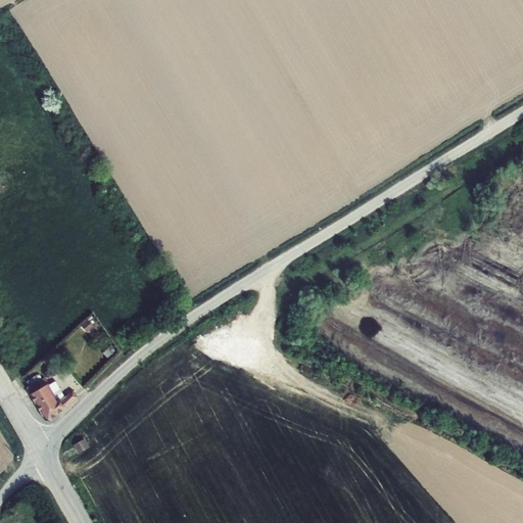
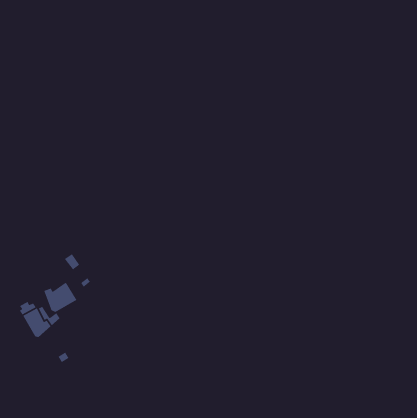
building: none -> [43,282,77,313]

